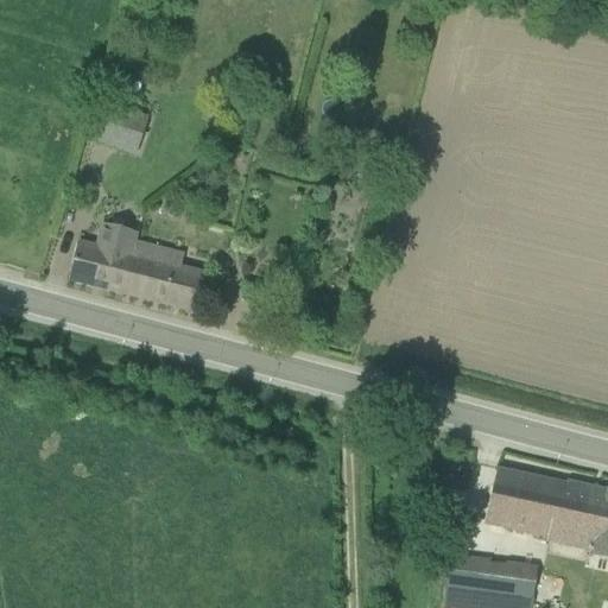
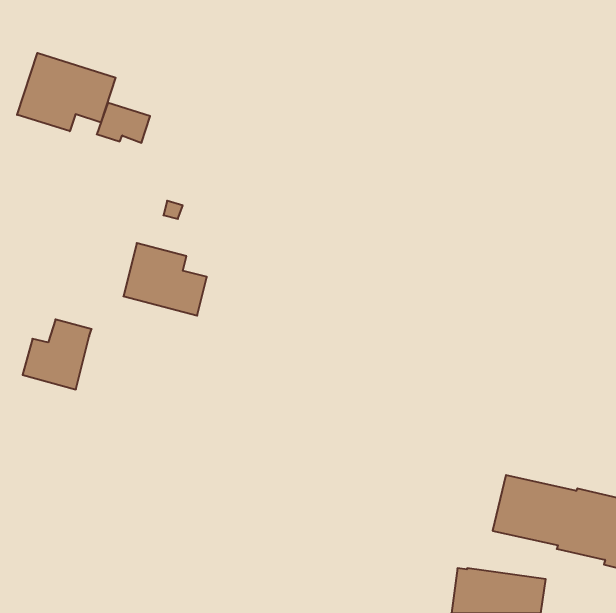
building: none -> [17,53,116,131]
building: [71,222,139,291] -> [23,319,92,389]

